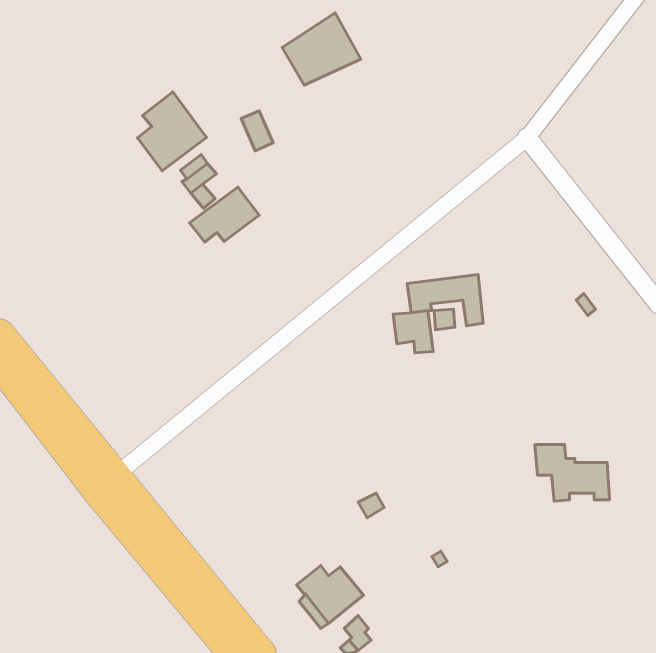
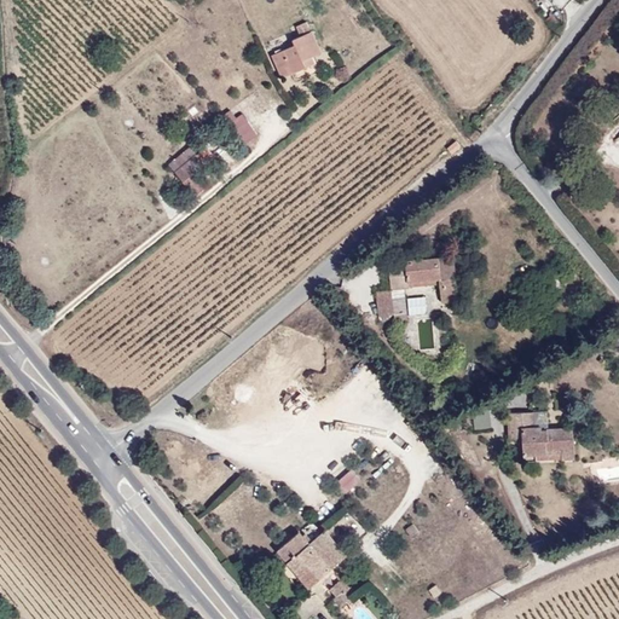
building: [138,92,206,171] -> none
building: [189,187,259,242] -> none

